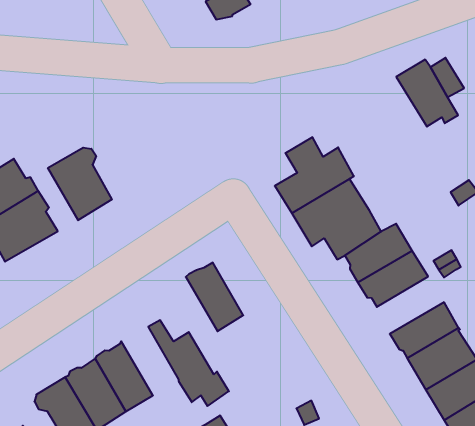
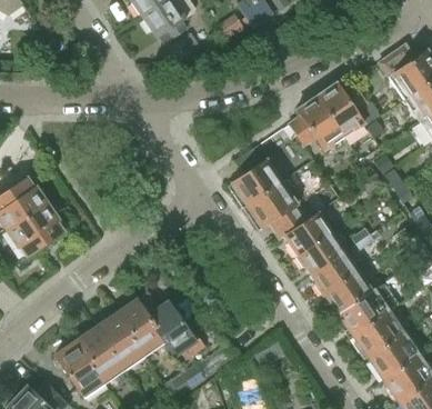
building: none -> [289,98,341,151]
building: [48,148,112,220] -> none
building: [186,263,243,331] -> [118,300,163,352]
building: none -> [311,249,362,295]

